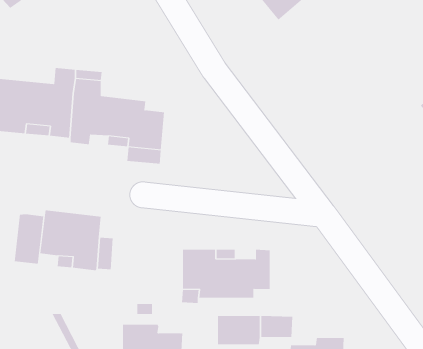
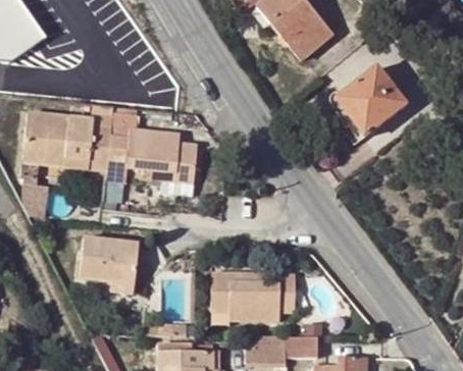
building: none -> [336,66,407,136]
building: [14,214,44,264] -> none

